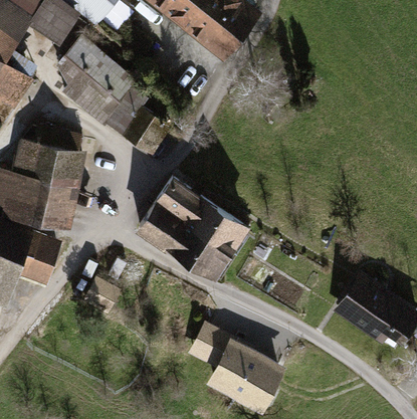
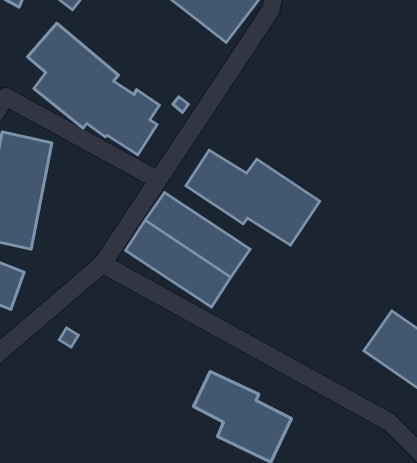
building: none -> [186,150,320,245]

